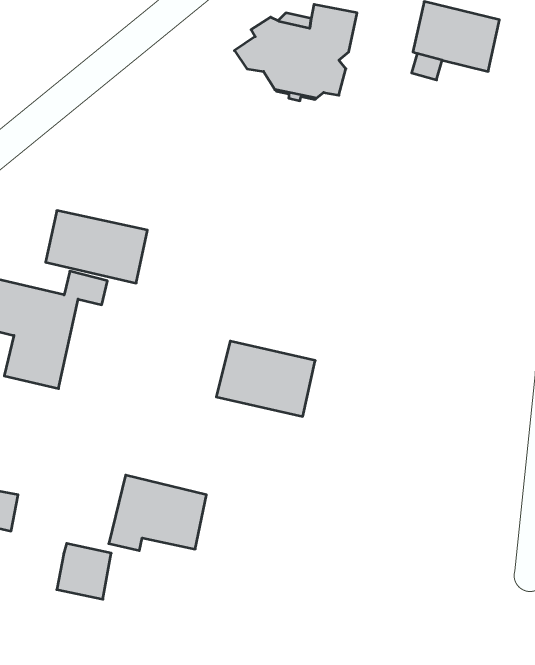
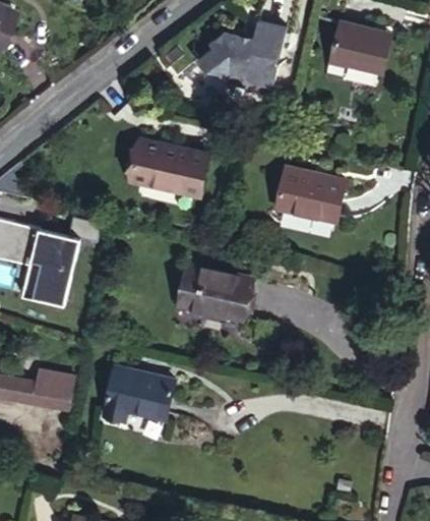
building: none -> [277,172,344,224]
building: [46,211,147,283] -> [132,143,206,196]
building: [57,543,111,599] -> [32,373,71,414]

